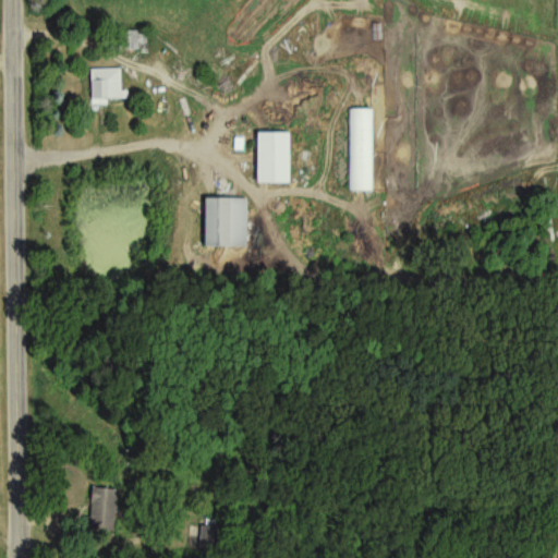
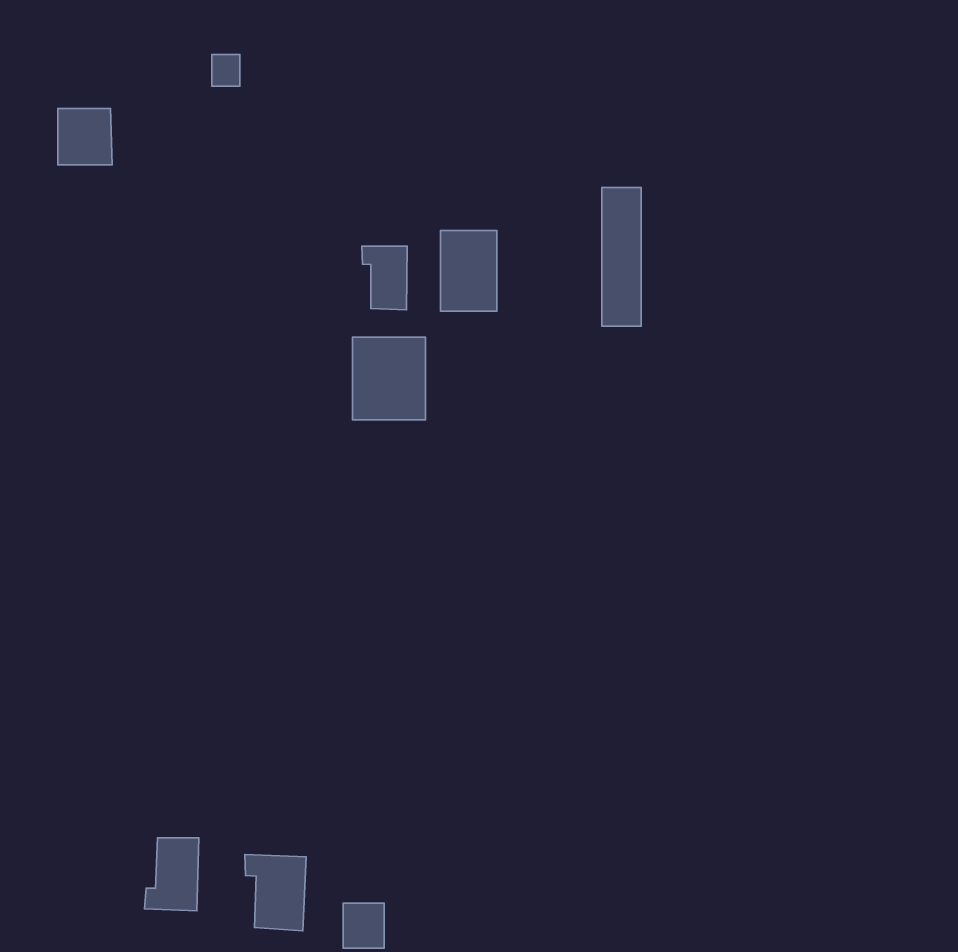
building: [92,69,123,101] -> [58,109,112,165]
building: none -> [362,246,407,310]
building: none -> [245,855,306,931]

